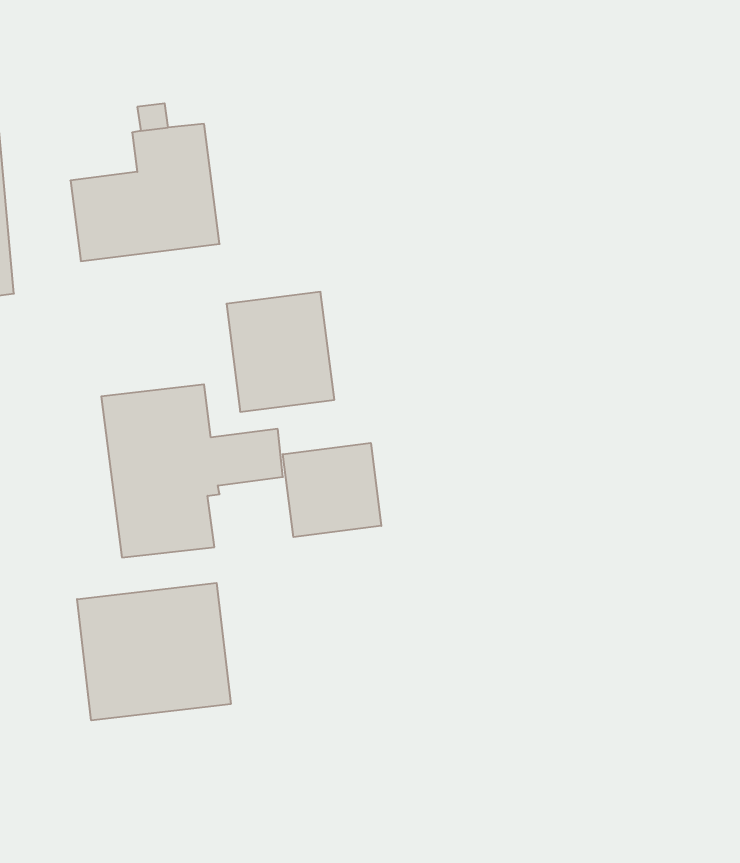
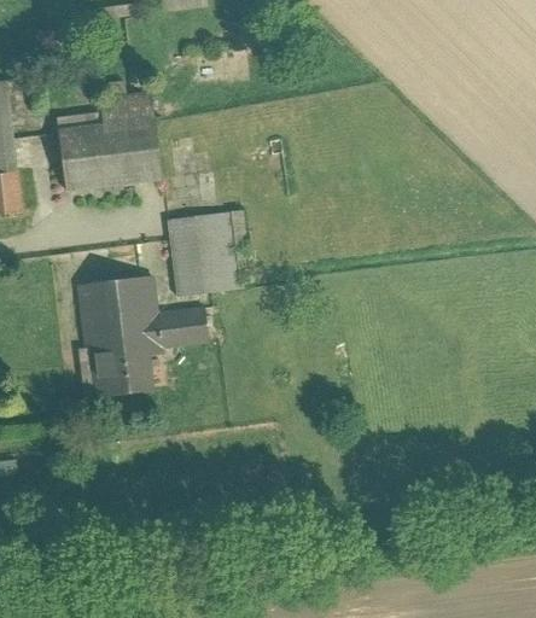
building: [283,443,381,537] -> none
building: [77,583,231,720] -> none

